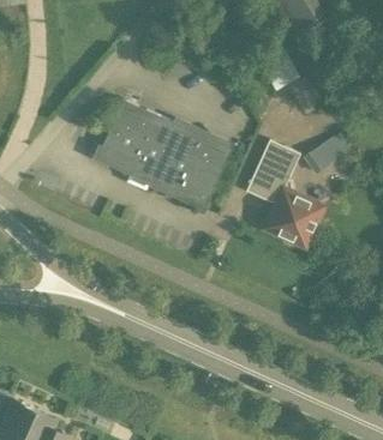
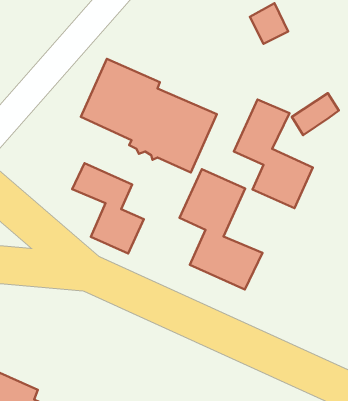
building: none -> [72,163,144,253]
building: none -> [179,169,262,290]

